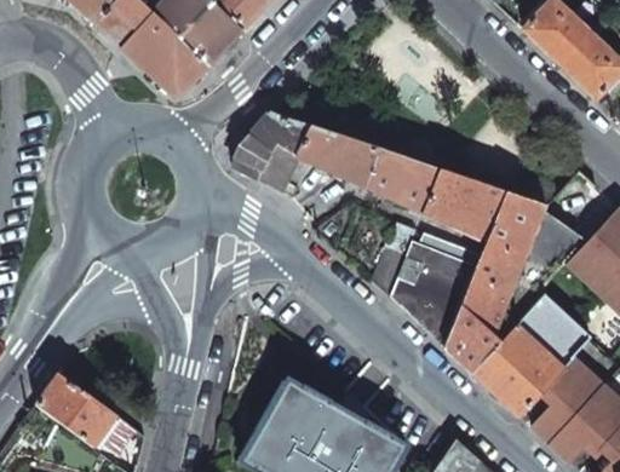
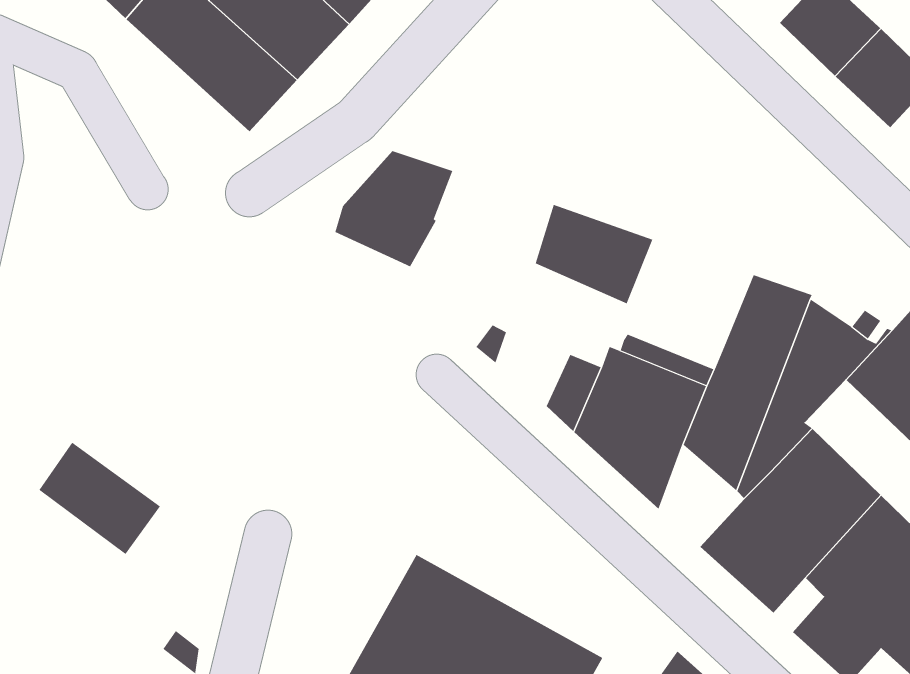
building: [298,126,375,186] -> none
building: [424,171,506,241] -> none
building: [444,305,500,372] -> none
building: [35,374,115,448] -> [39,442,161,555]

